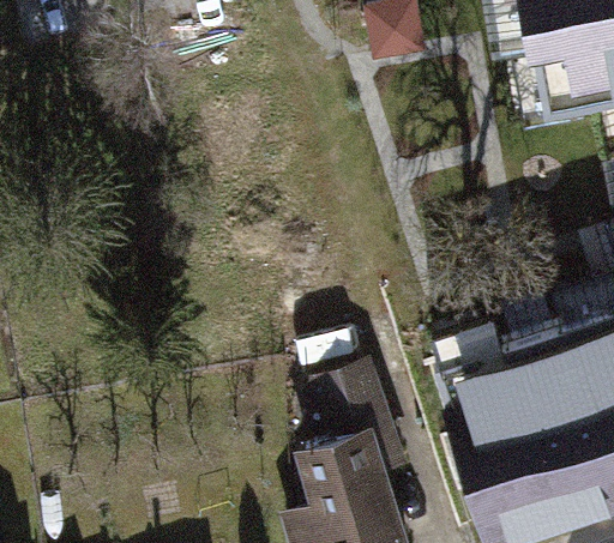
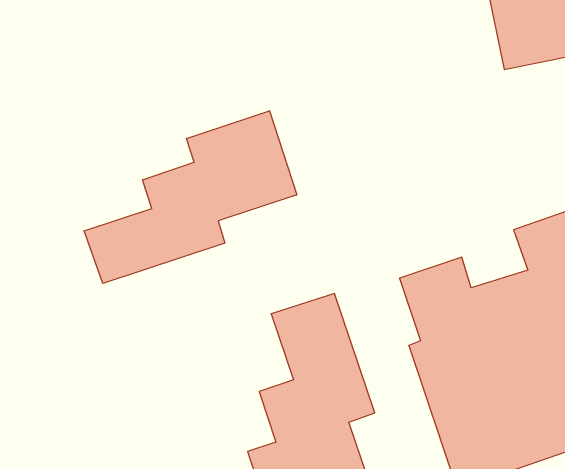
building: none -> [84,111,297,283]

